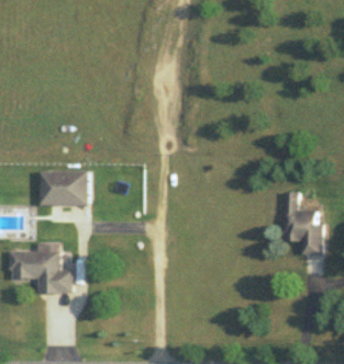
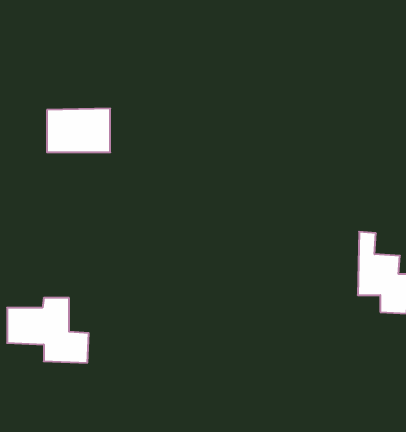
building: [40,170,89,204] -> [47,109,110,152]

